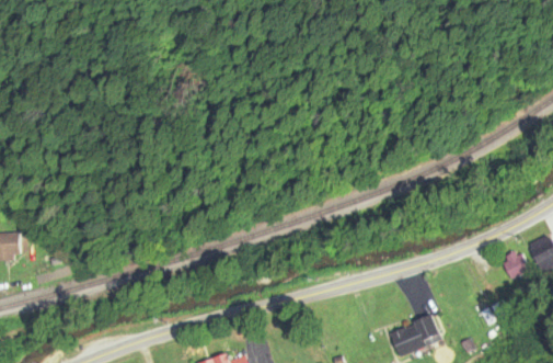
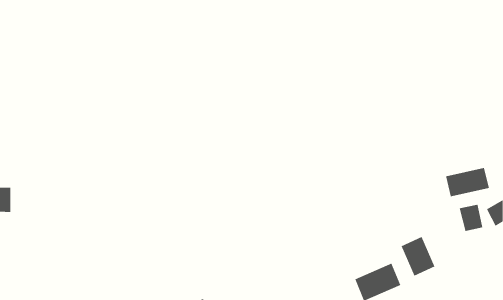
building: none -> [446,167,489,197]
building: none -> [401,236,435,276]

